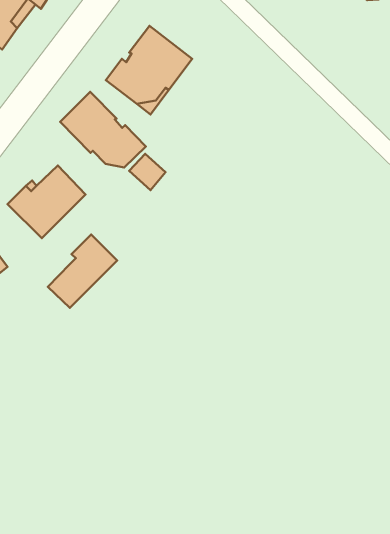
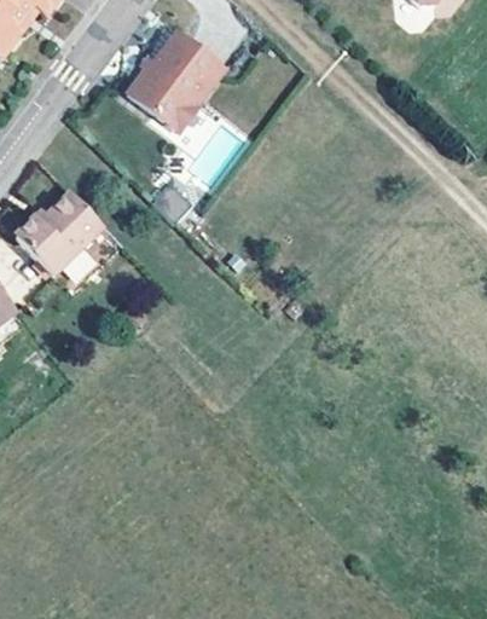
building: [60,92,146,168] -> none
building: [48,235,117,308] -> none

